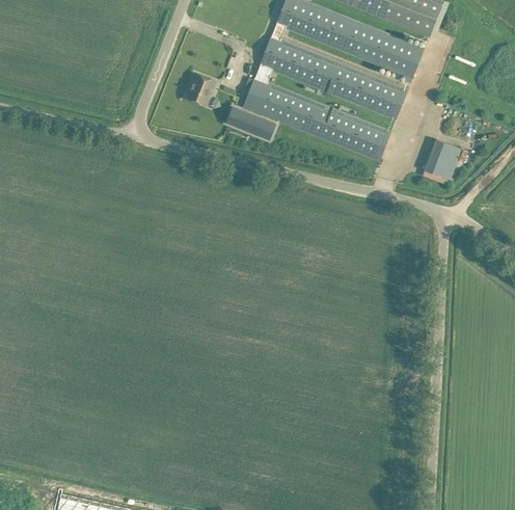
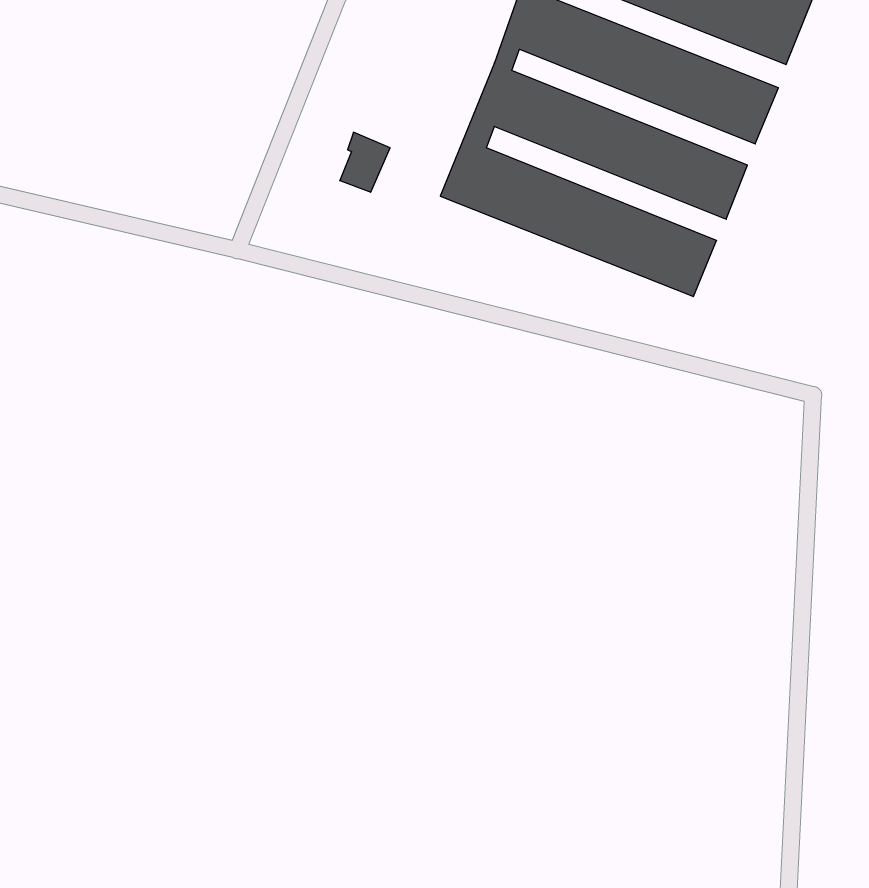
building: [227,107,276,139] -> none
building: [424,138,461,180] -> none

